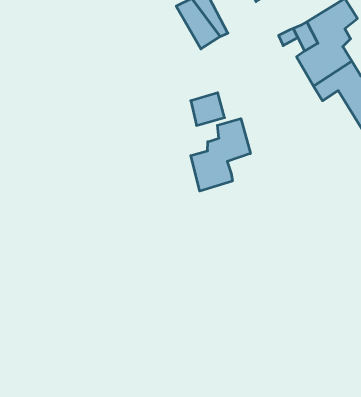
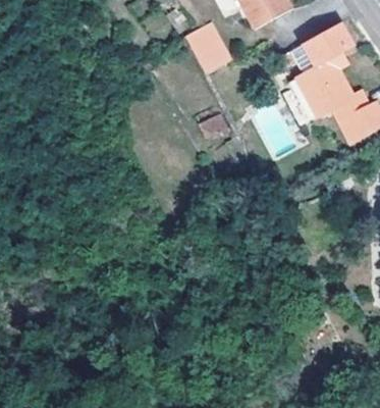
building: [191,119,250,191] -> none

